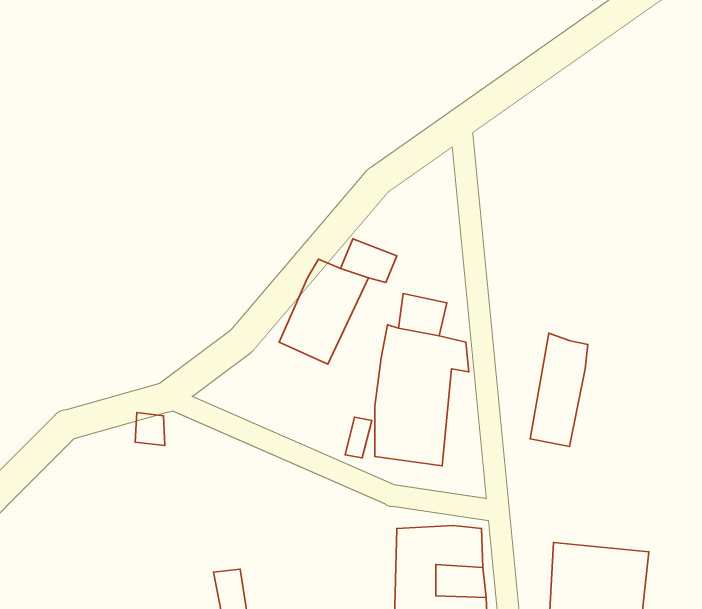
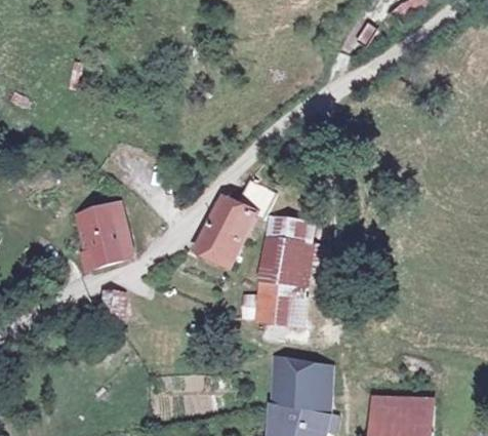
building: none -> [78,206,136,272]
building: [530,333,588,446] -> none

